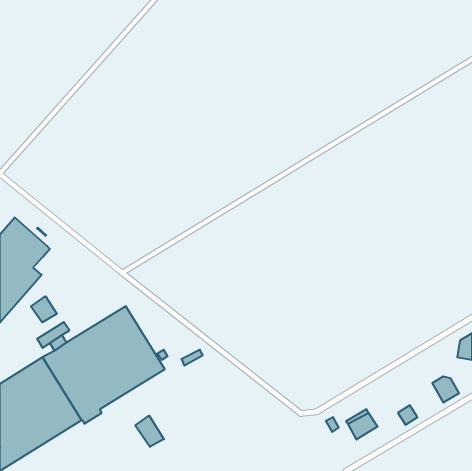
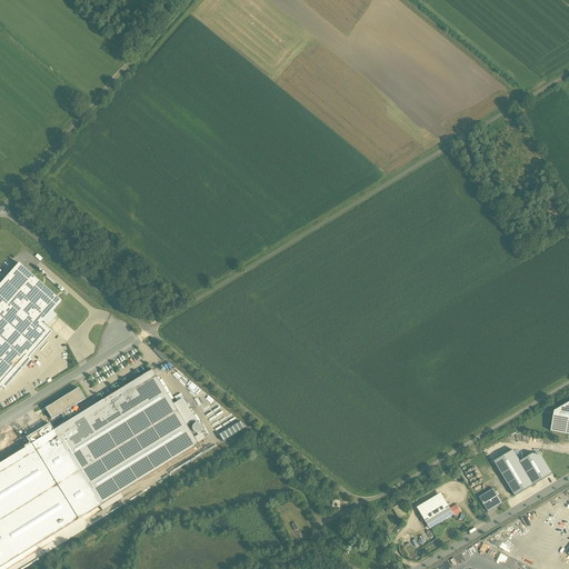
building: [31,296,57,322] -> none
building: none -> [493,448,532,495]
building: [135,416,164,447] -> none

